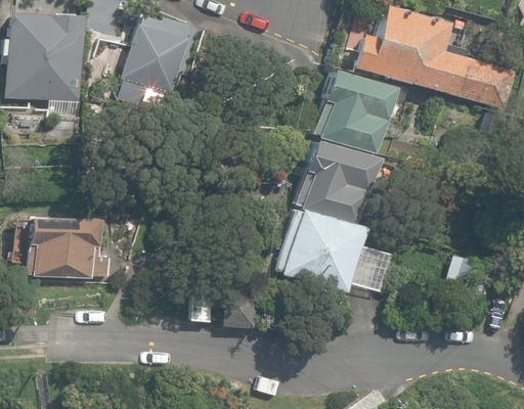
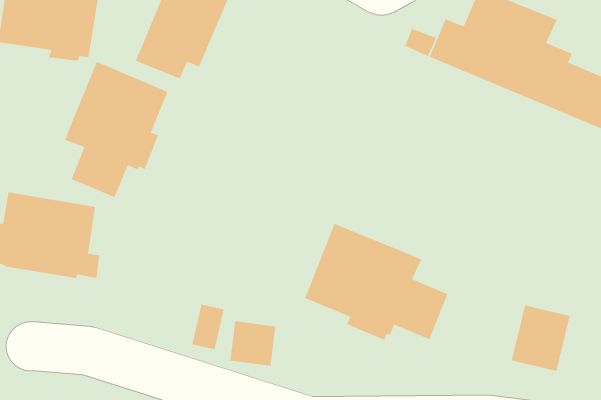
building: [315,69,395,152] -> none
building: none -> [64,61,169,198]
building: [296,141,376,225] -> none

